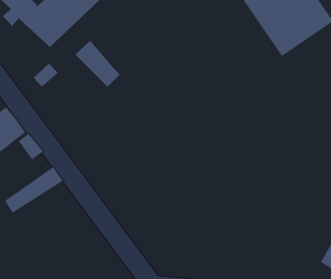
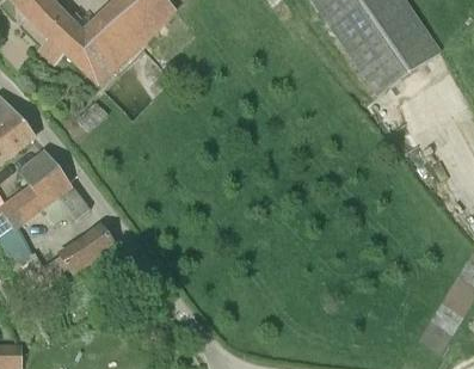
building: [74,40,120,87] -> none

